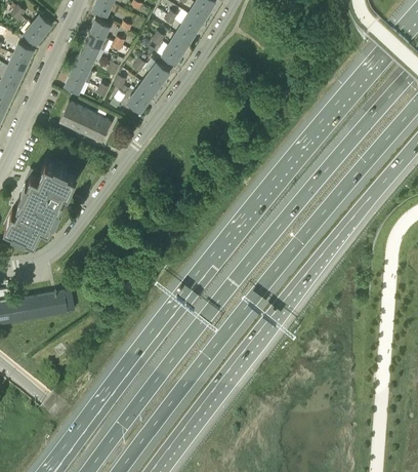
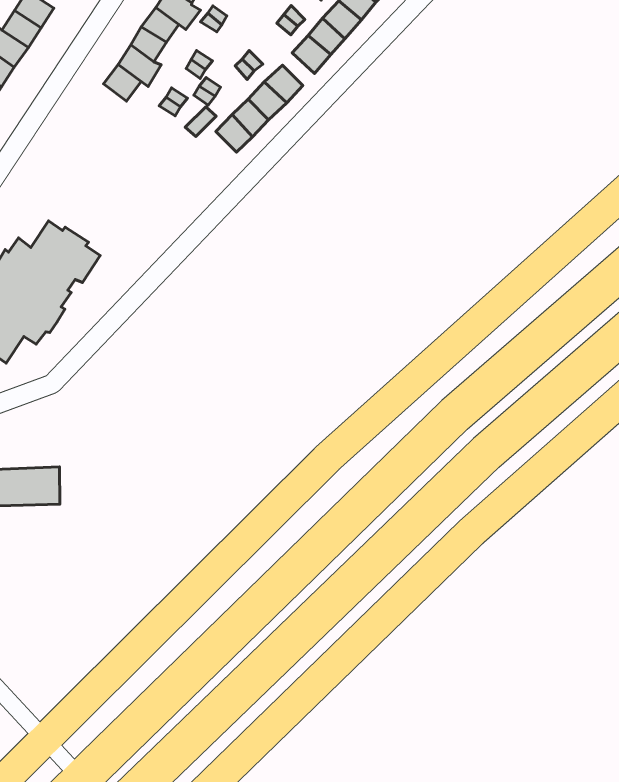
building: [59,102,112,143] -> none

